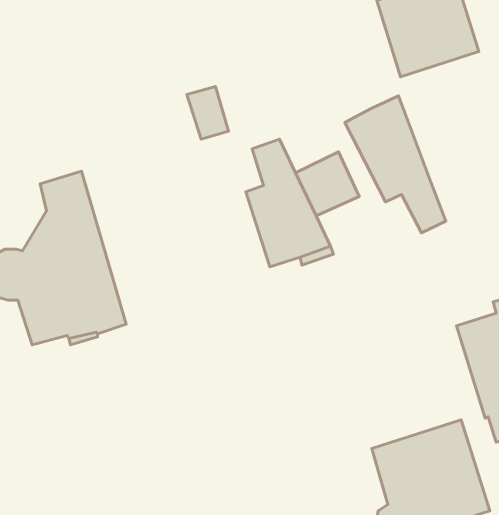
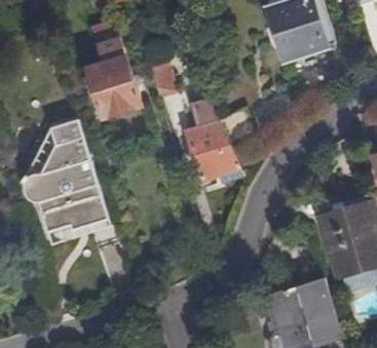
building: none -> [87,21,142,118]
building: [345,96,446,233] -> none

